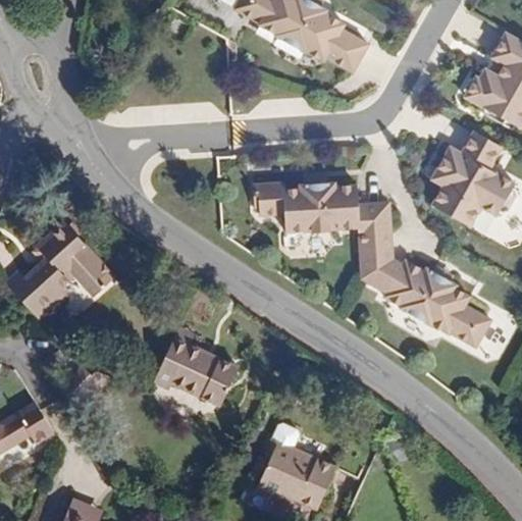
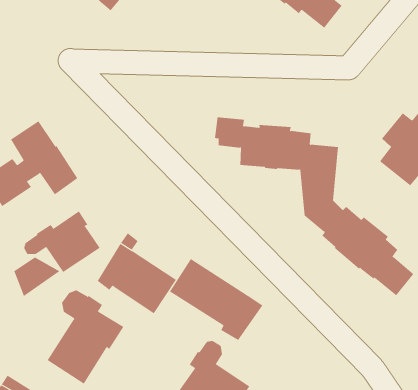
building: none -> [23,211,101,273]
building: none -> [169,258,263,341]
building: none -> [47,290,124,384]

